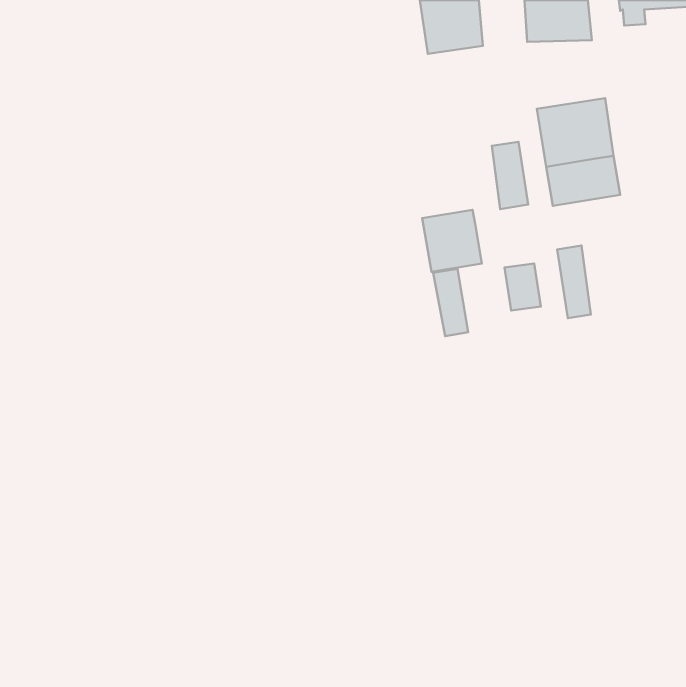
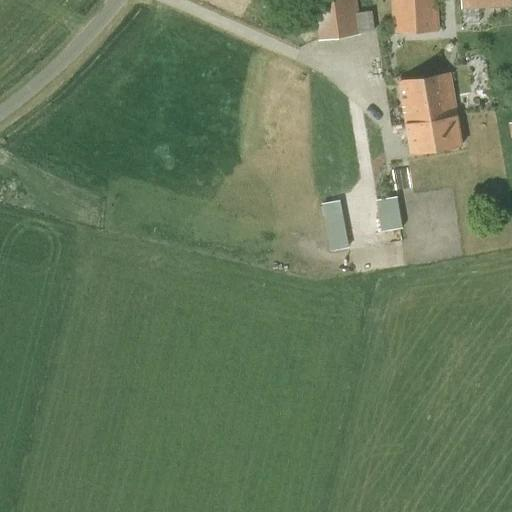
building: [492,142,528,209] -> none
building: [422,210,482,272] -> none
building: [557,245,591,318] -> none

